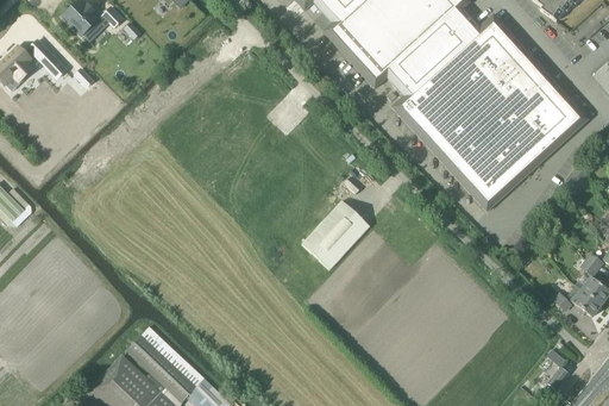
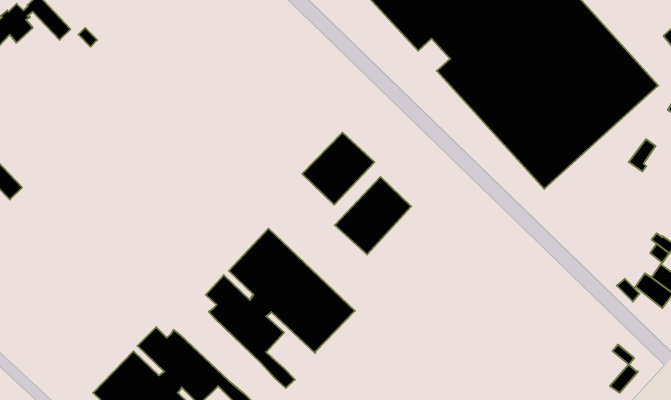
building: none -> [302,133,374,205]
building: none -> [206,229,355,388]

